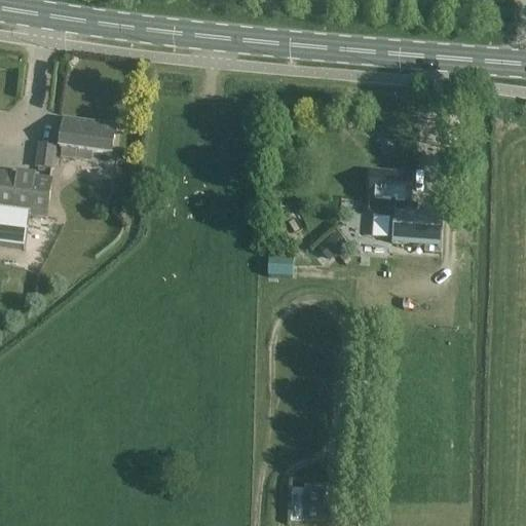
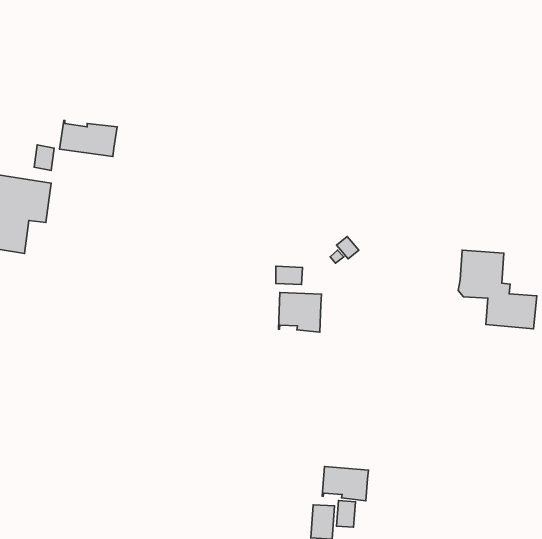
building: [366,168,442,245] -> [458,250,537,329]
building: none -> [279,292,321,332]
building: none -> [322,466,368,501]

